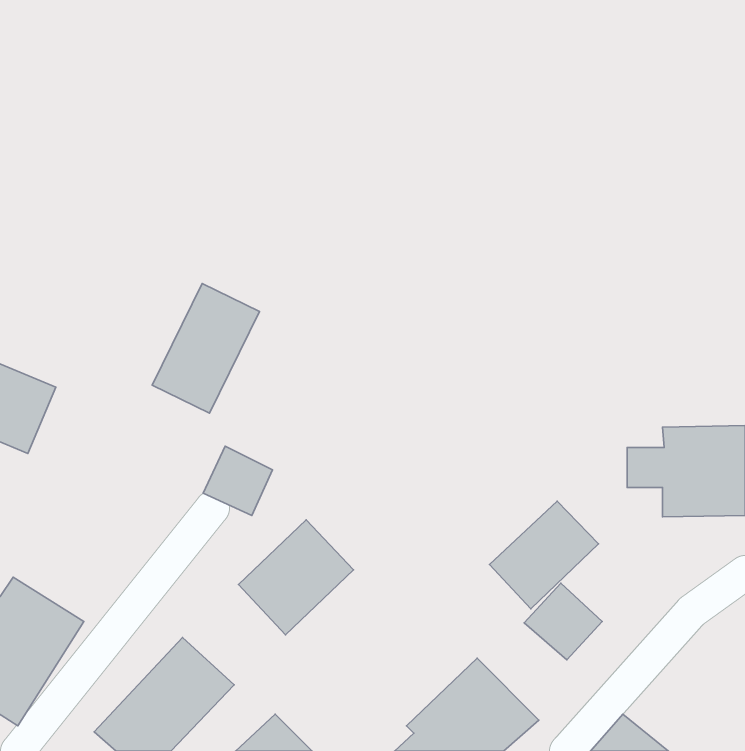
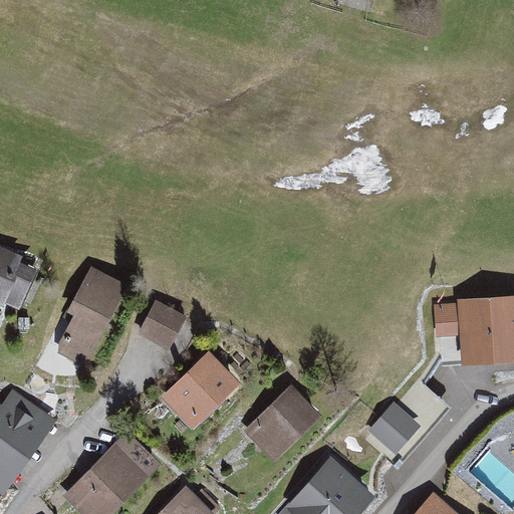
building: [152,284,259,413] -> [55,270,128,358]
building: [490,501,598,609] -> [247,389,321,462]

